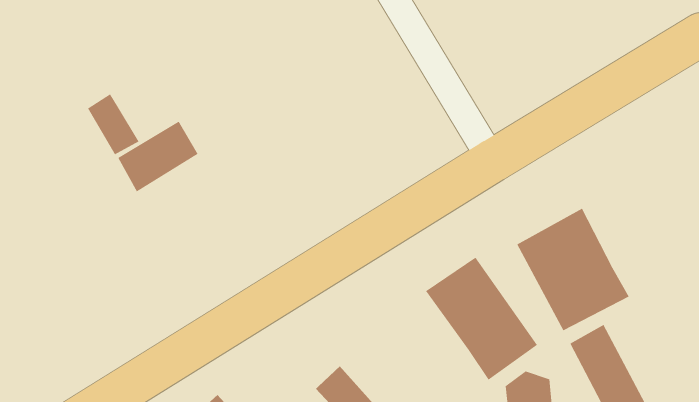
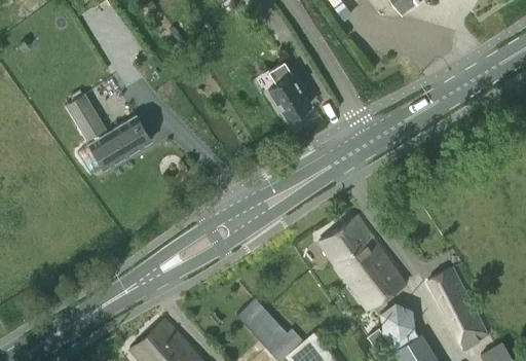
building: none -> [268,63,310,118]
building: [516,208,629,331] -> none

